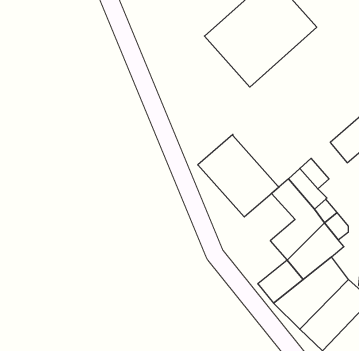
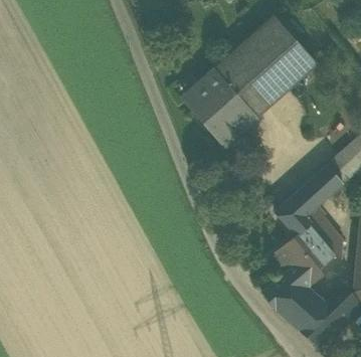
building: [198,134,279,217] -> [185,68,257,142]
building: none -> [311,164,343,196]

